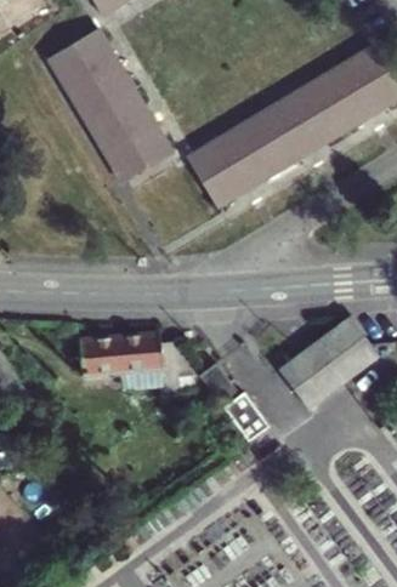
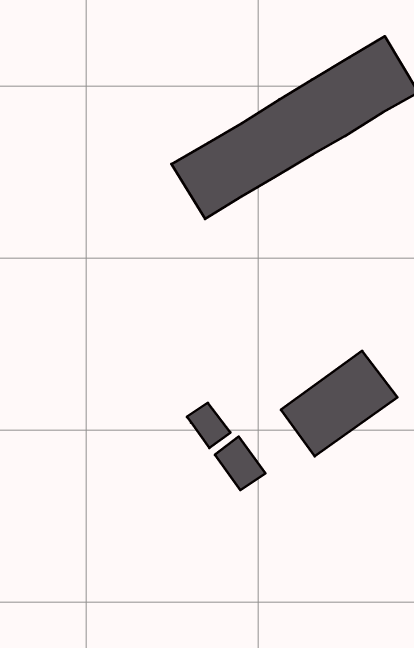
building: [46,29,168,179] -> none
building: [80,334,192,375] -> none

